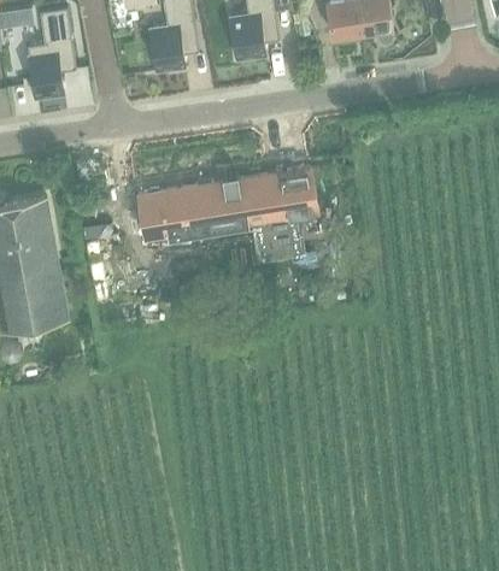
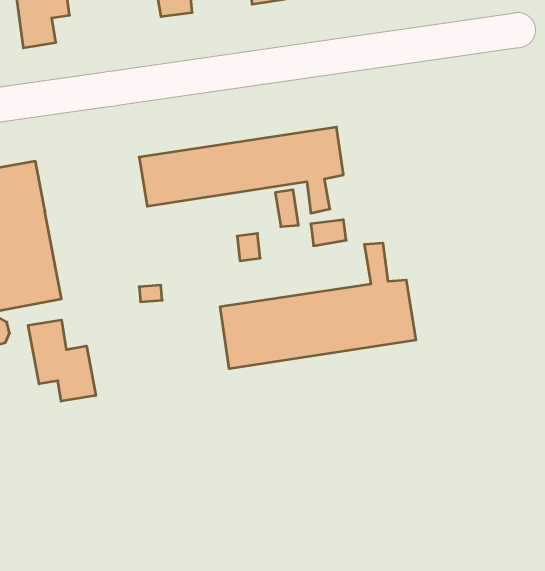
building: none -> [220,243,416,369]
building: none -> [28,320,96,401]

